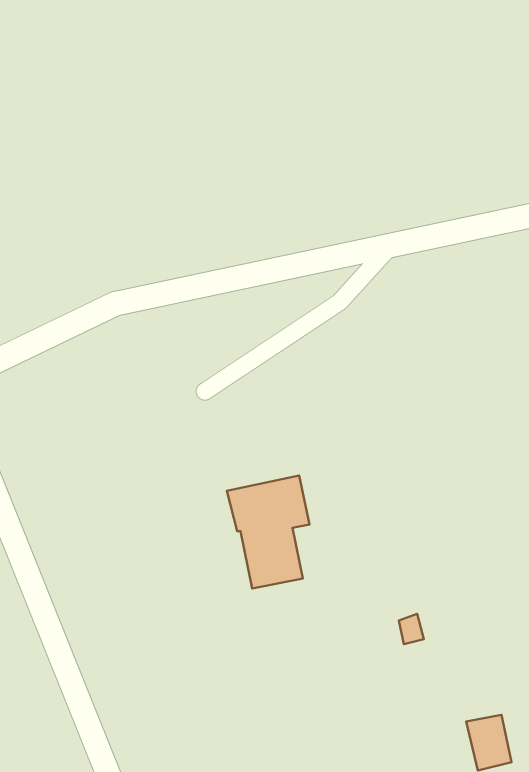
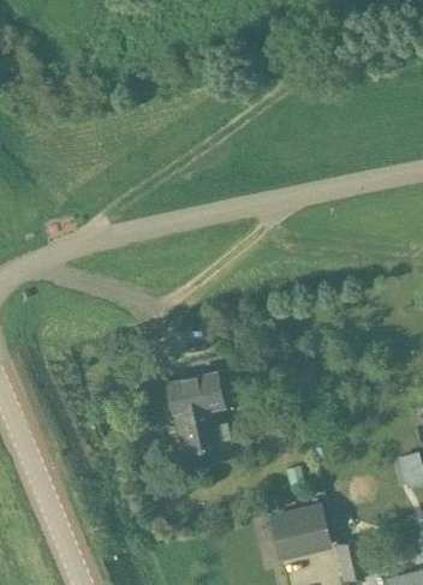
building: none -> [270,506,330,560]

